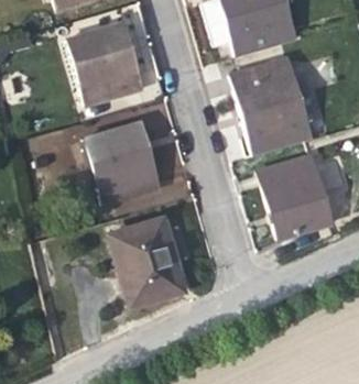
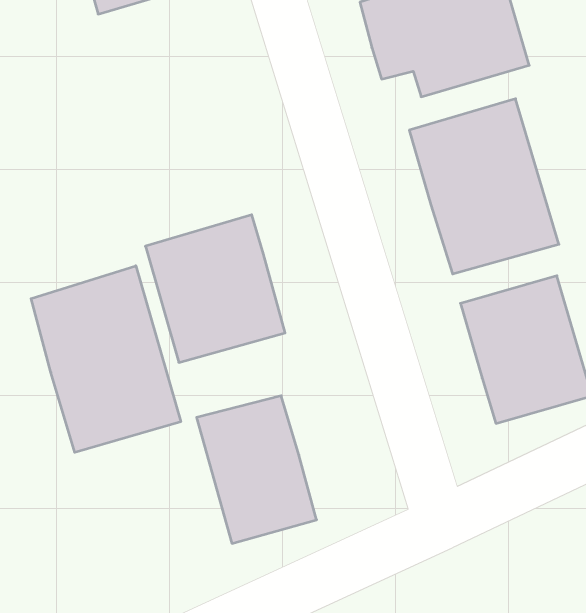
building: [66,22,145,106] -> none
building: none -> [31,266,181,452]

